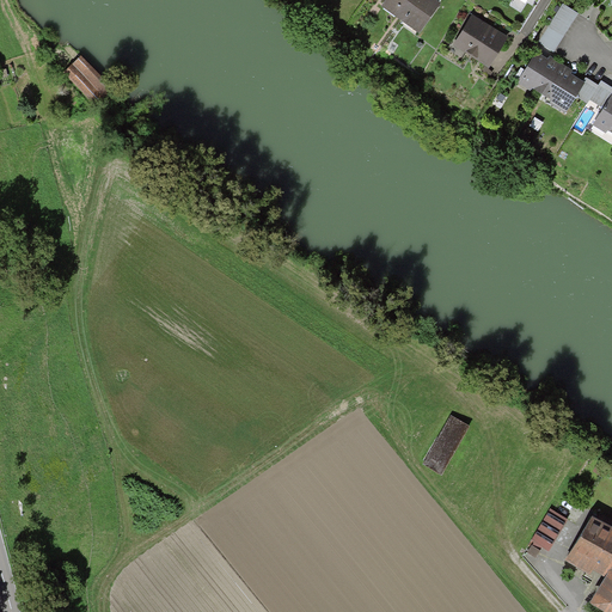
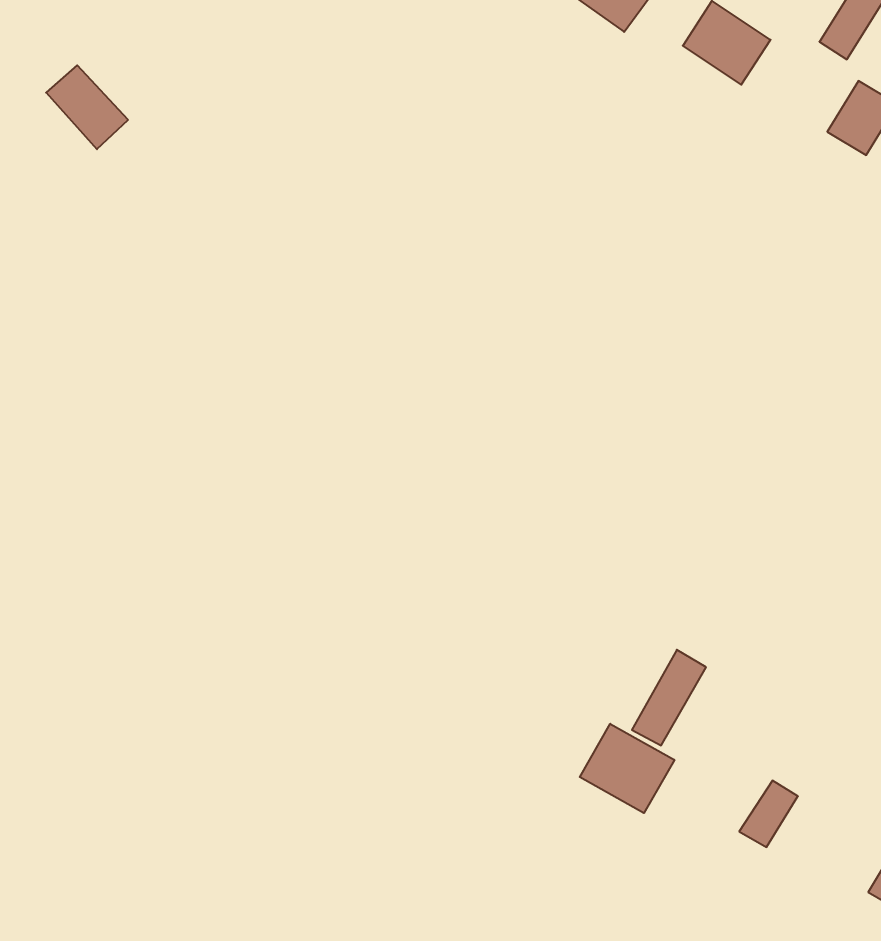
building: [520,50,562,96] -> none
building: none -> [580,724,674,813]
building: [532,508,568,549] -> [739,781,798,847]

